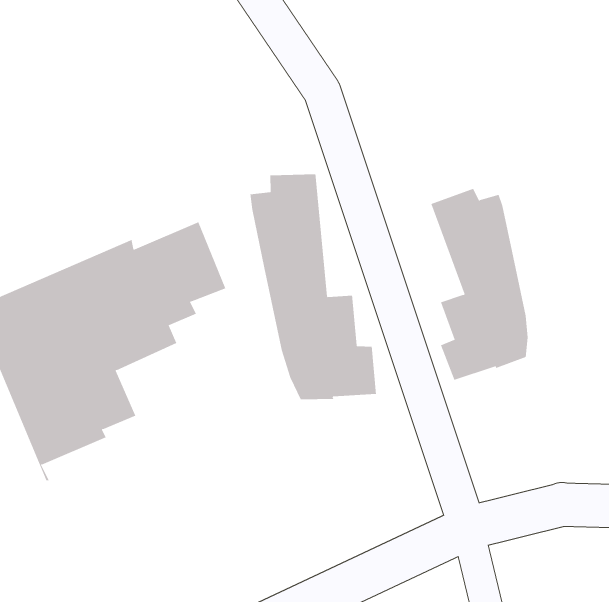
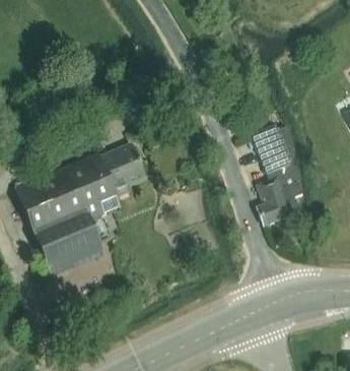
building: [250,174,376,400] -> none

